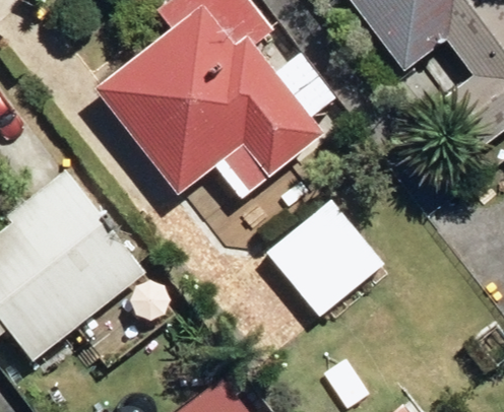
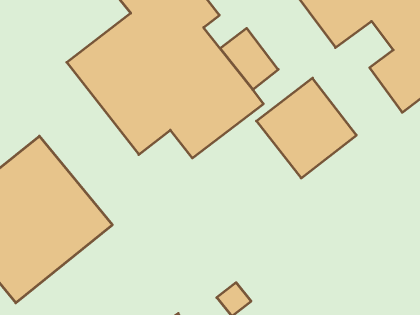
building: [268,197,384,313] -> [256,78,356,178]

